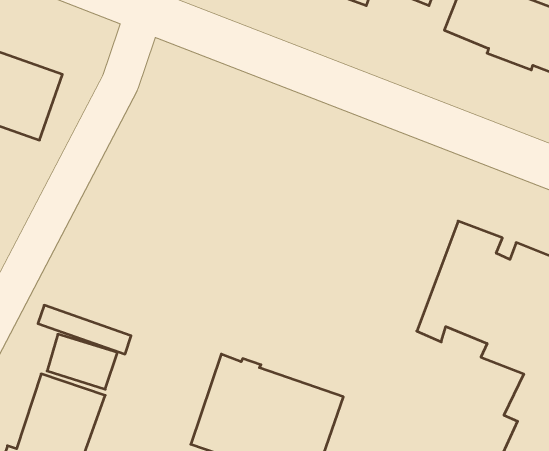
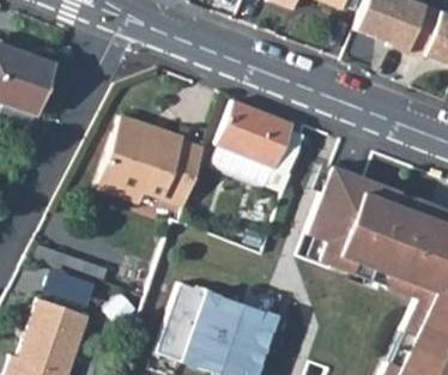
building: none -> [213,99,303,190]
building: none -> [97,115,205,204]
building: none -> [307,164,365,264]

